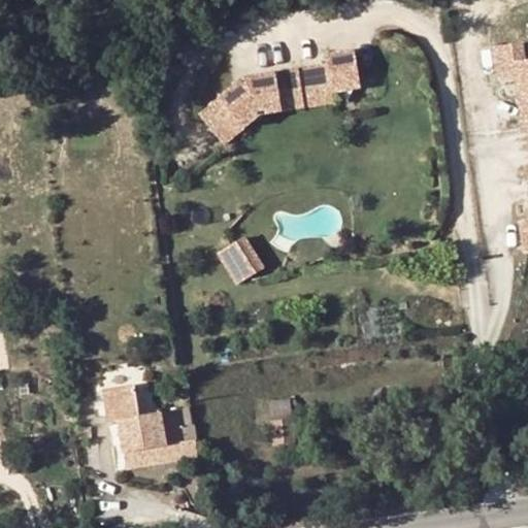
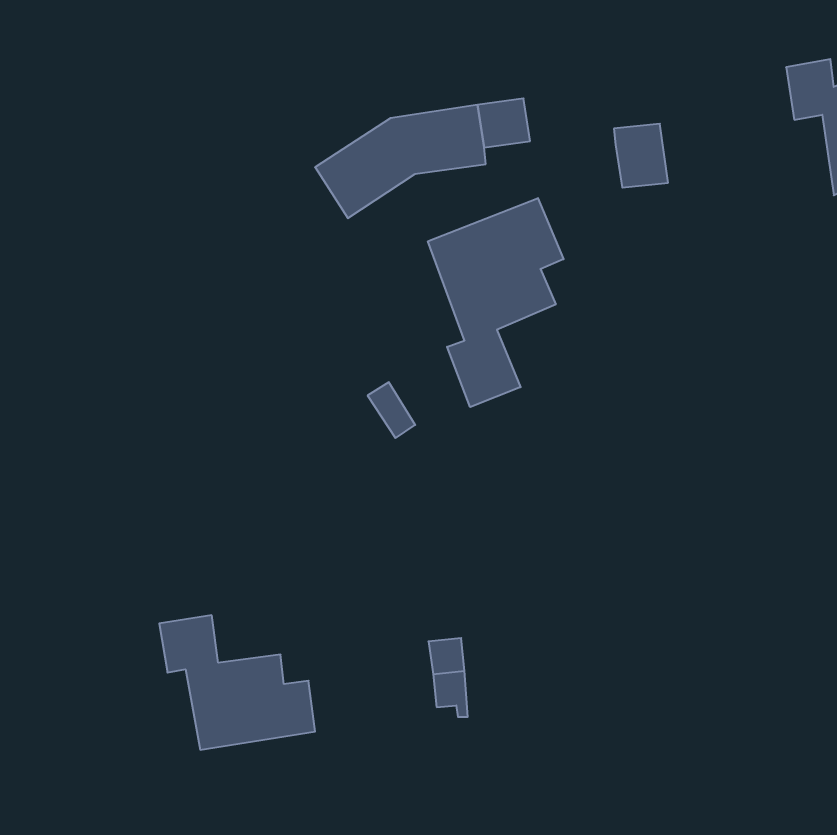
building: [329,51,363,91] -> [614,124,668,188]
building: none -> [428,198,564,407]

